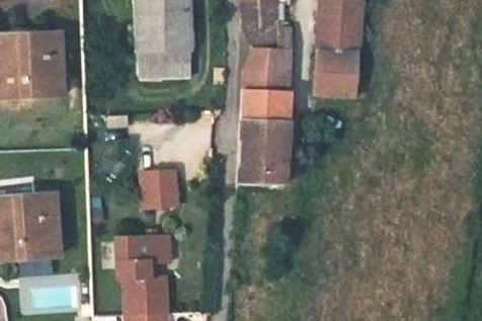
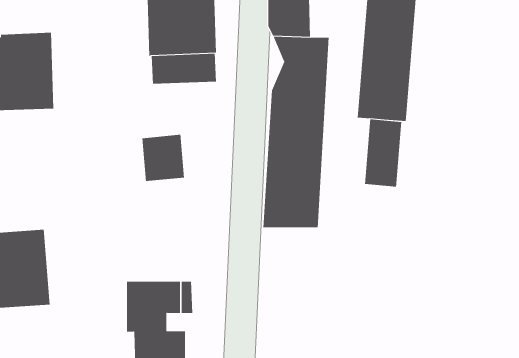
building: none -> [364,119,402,187]
building: [148,169,183,208] -> [142,134,185,181]

